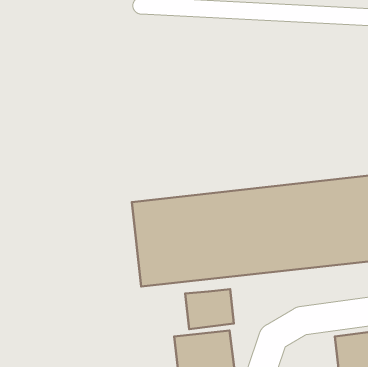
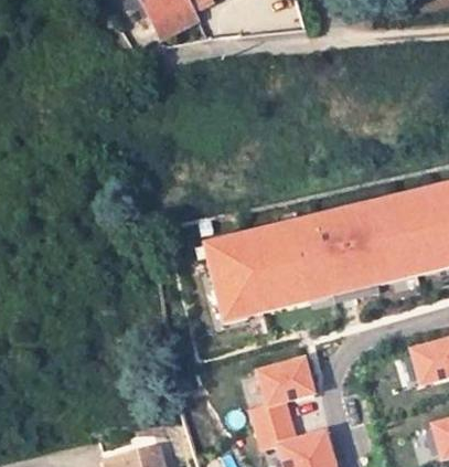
building: [185,289,234,329] -> none

